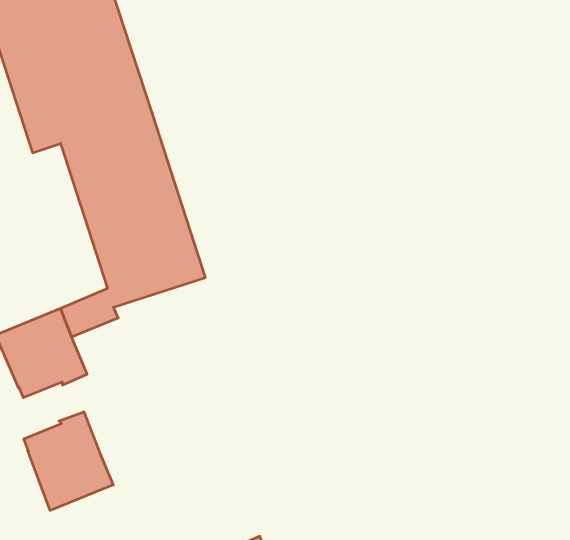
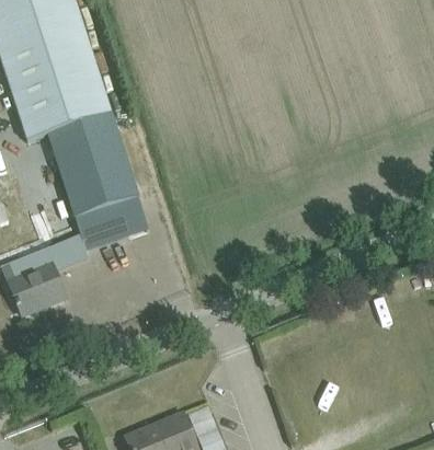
building: [24,412,113,510] -> none

